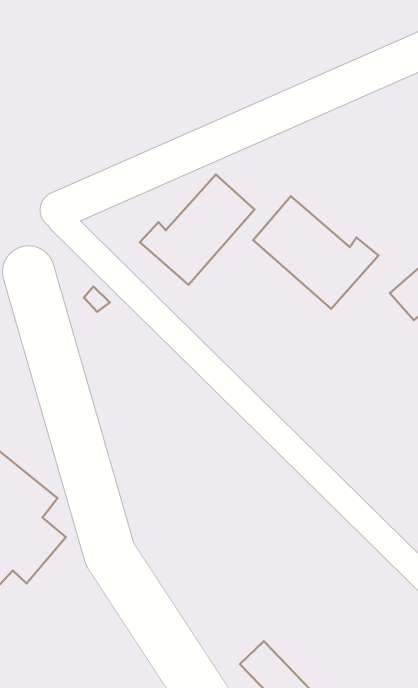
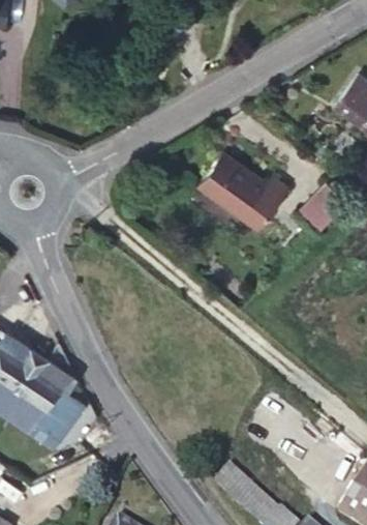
building: [140,175,254,285] -> none

